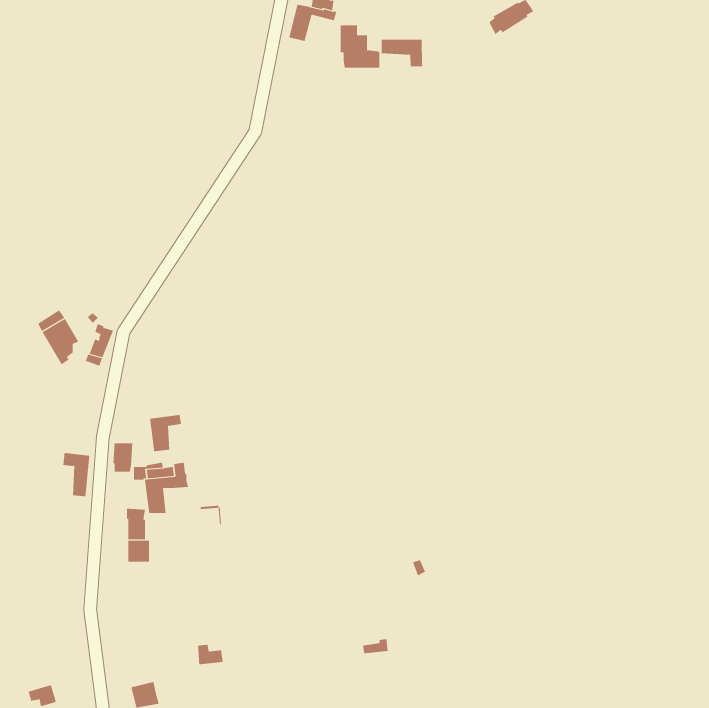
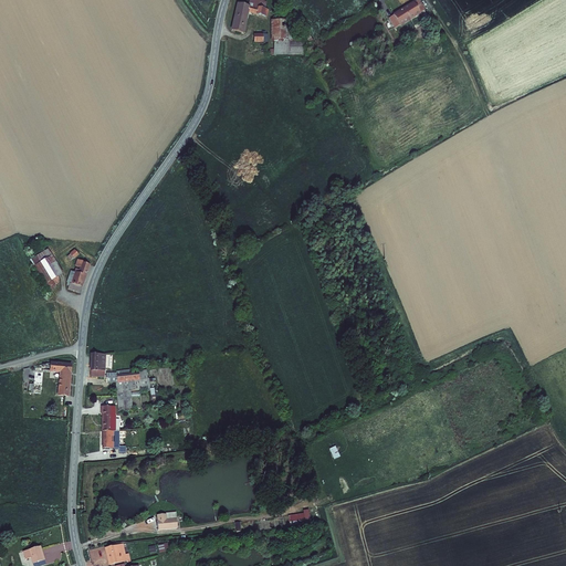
building: [381,39,422,67] -> none
building: [150,414,181,452] -> none

